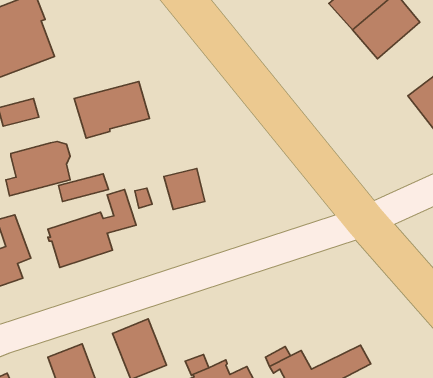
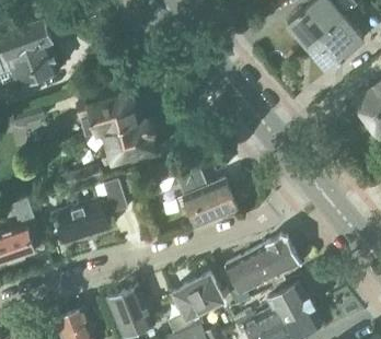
building: [6,142,70,196] -> [102,119,155,164]
building: none -> [185,178,240,227]
building: none -> [221,234,302,307]
building: none -> [174,272,224,325]
building: none -> [265,282,315,328]

